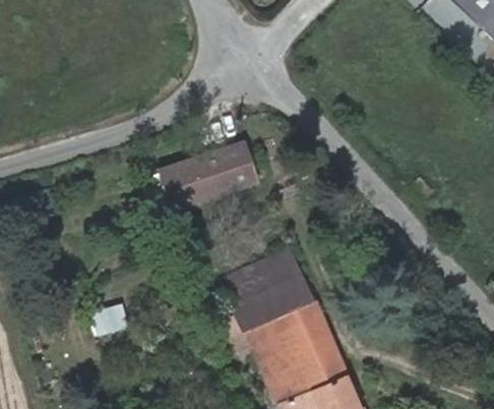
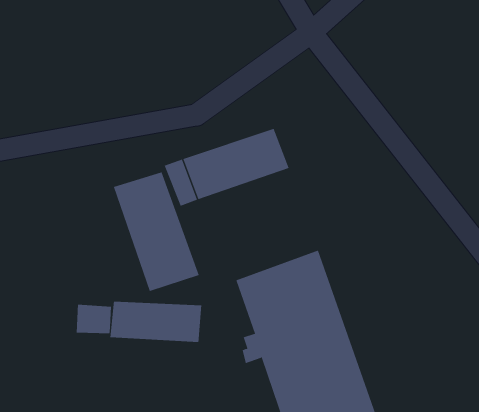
building: none -> [113,172,199,292]
building: none -> [110,301,202,343]

